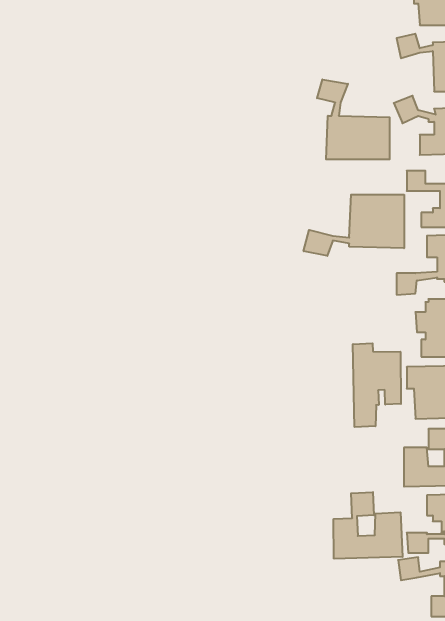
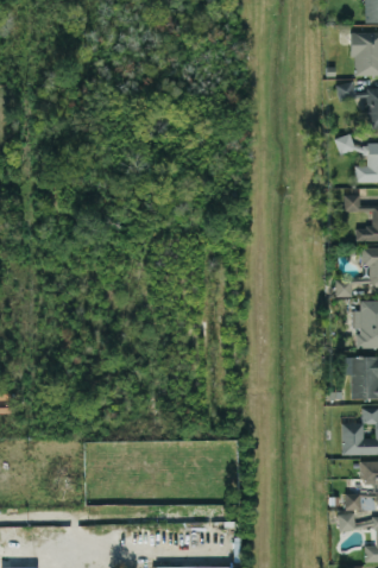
building: [317,79,390,159] -> none
building: [304,195,404,256] -> none
building: [353,343,401,427] -> none
building: [334,492,403,559] -> none

